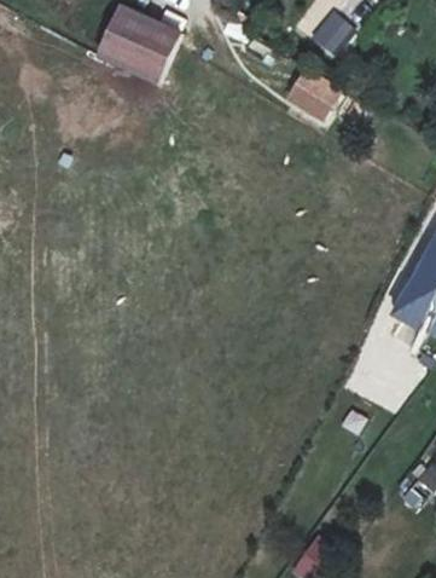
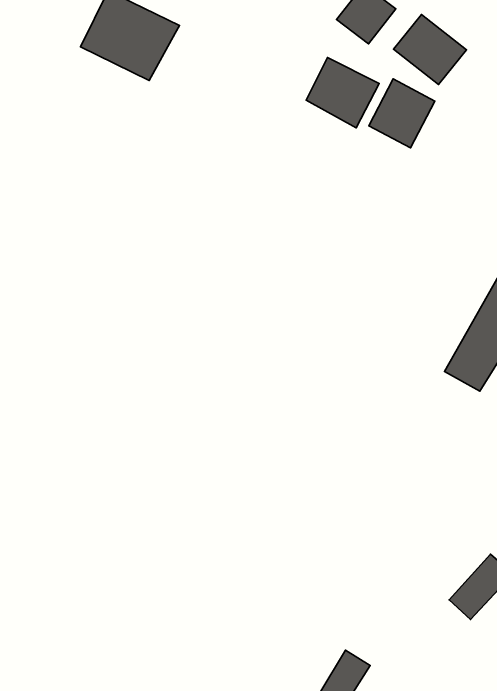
building: none -> [393,15,467,85]
building: none -> [369,79,435,148]

